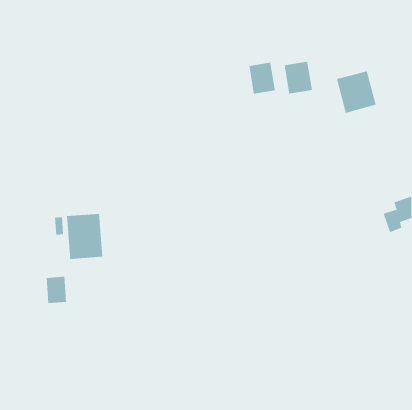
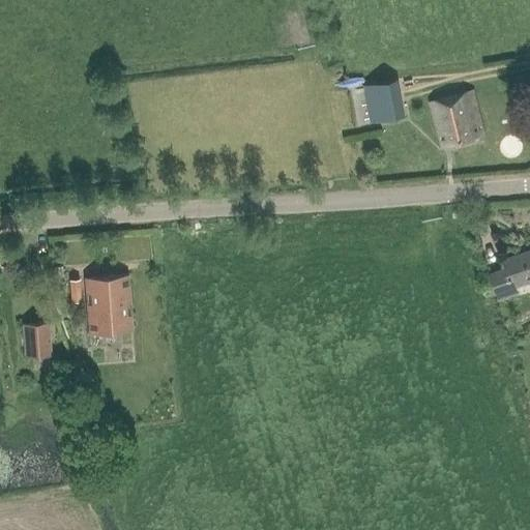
building: [249,62,275,94] -> none
building: [46,276,67,304] -> [23,324,50,359]

